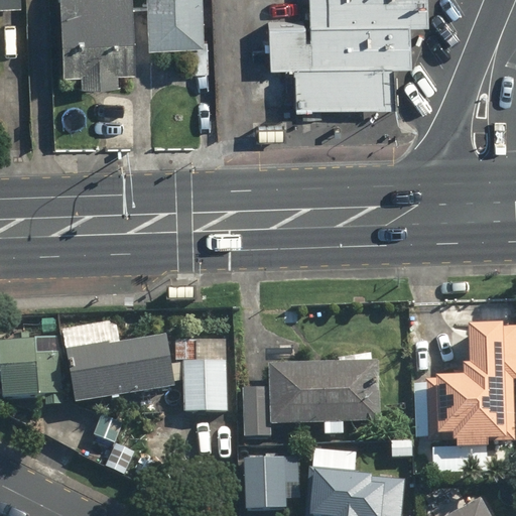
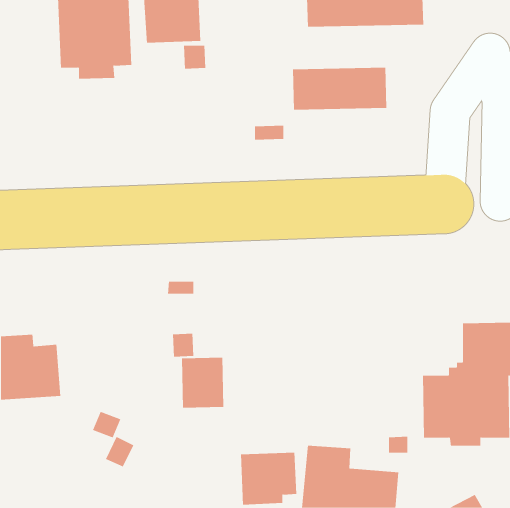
building: [272,25,412,70] -> none
building: [66,334,173,402] -> none
building: [243,353,379,436] -> none

